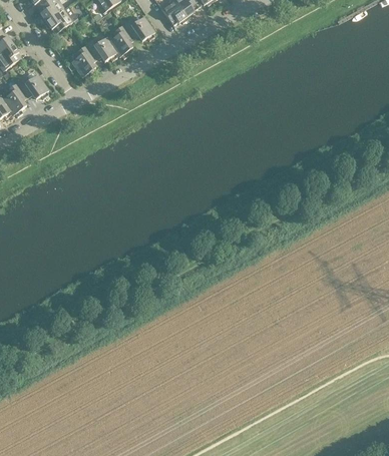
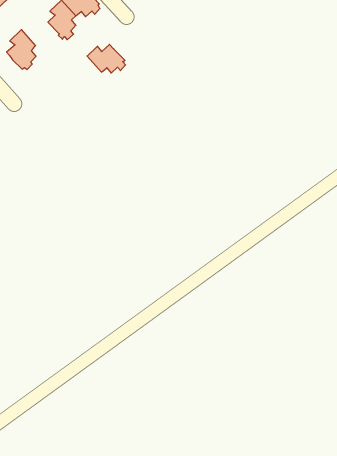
building: [84,37,115,61] -> [87,44,126,73]

